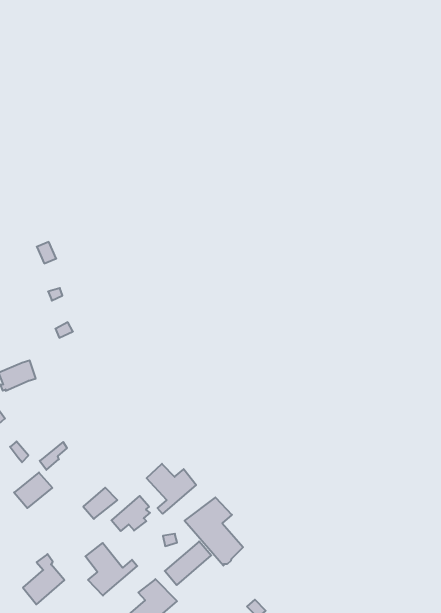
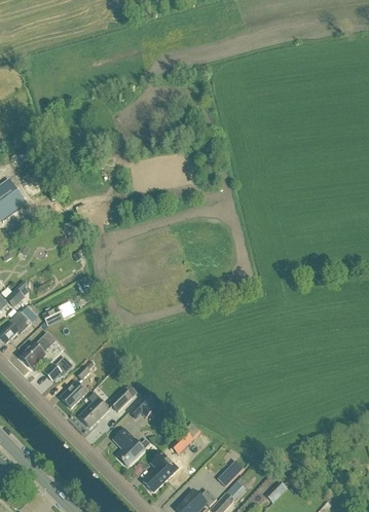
building: [147,464,196,514] -> none
building: [185,497,243,566] -> none
building: [23,554,64,604] -> [79,392,108,428]

